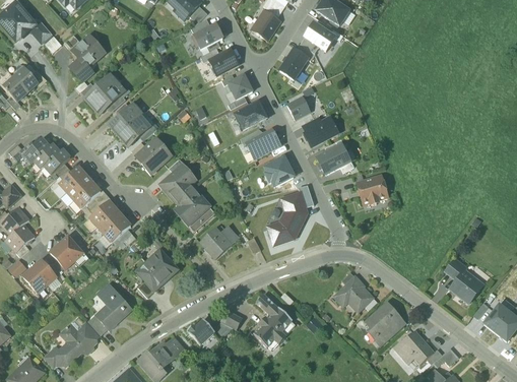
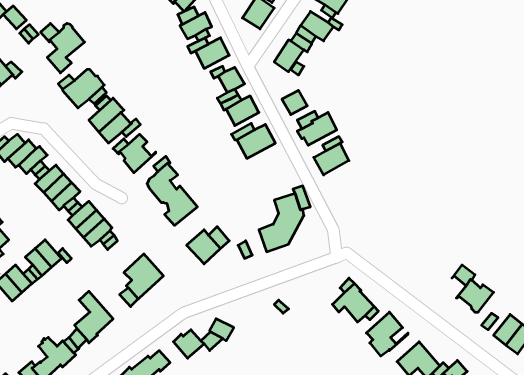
building: [264,156,295,186] -> none
building: [357,175,387,203] -> none
building: [251,293,296,345] -> none

